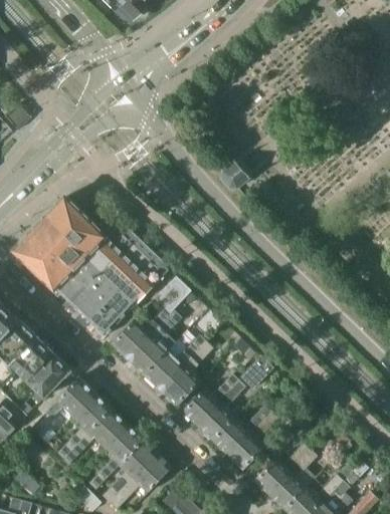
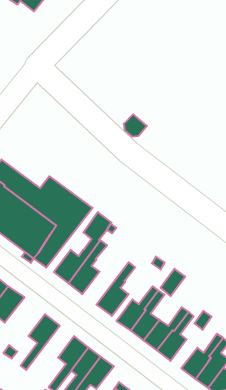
building: [143,335,205,389] -> none
building: [43,376,94,419] -> none
building: [62,409,127,463] -> none

